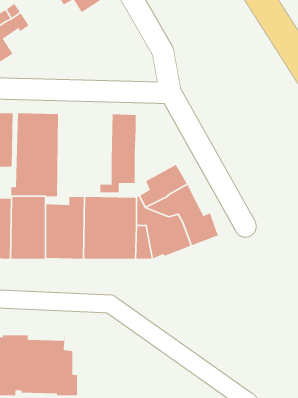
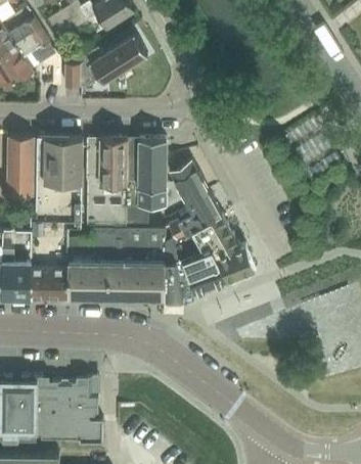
building: none -> [65,36,147,88]
building: none -> [86,139,127,225]
building: none -> [165,160,209,216]

